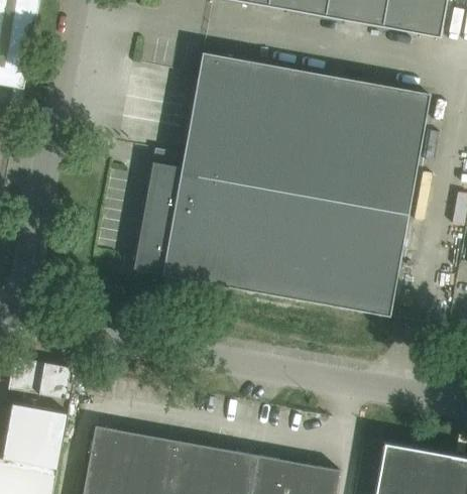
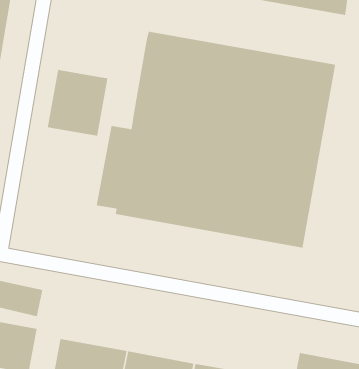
building: none -> [47,69,108,136]

